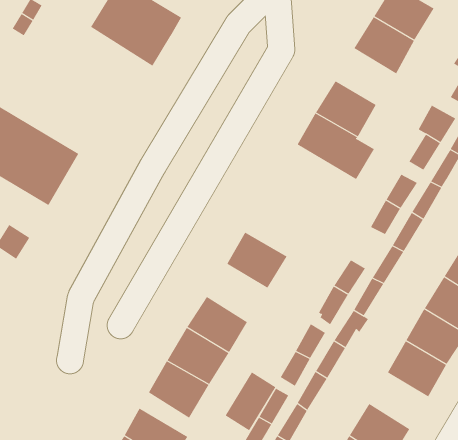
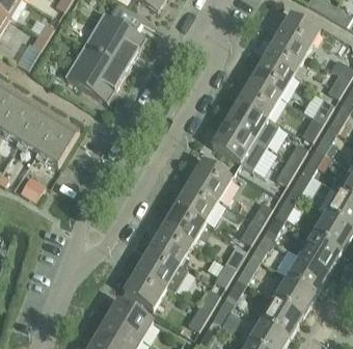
building: none -> [65,43,128,102]
building: none -> [251,57,293,96]
building: none -> [212,123,266,168]
building: none -> [190,160,232,198]
building: none -> [164,204,206,243]
building: [225,371,276,431] -> none
building: none -> [274,277,315,316]

